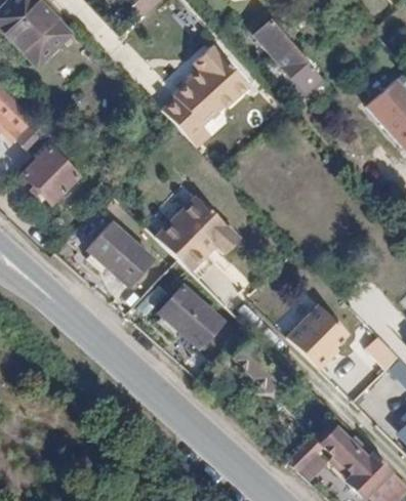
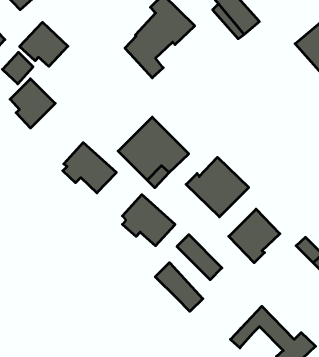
building: none -> [20,22,68,66]
building: none -> [186,157,249,217]
building: none -> [155,263,203,311]

